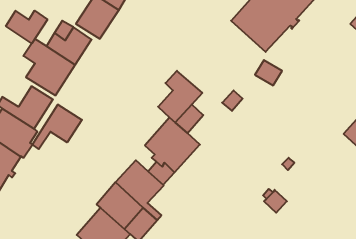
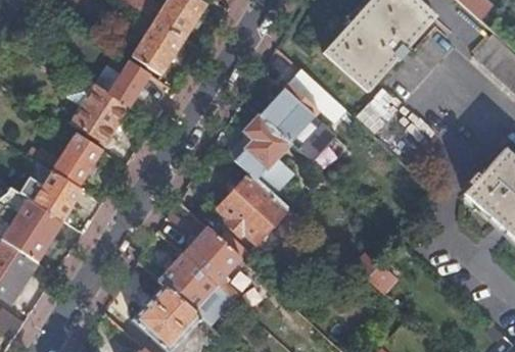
building: [6,11,47,43] -> none
building: none -> [258,67,345,142]
building: [32,104,82,149] -> none

